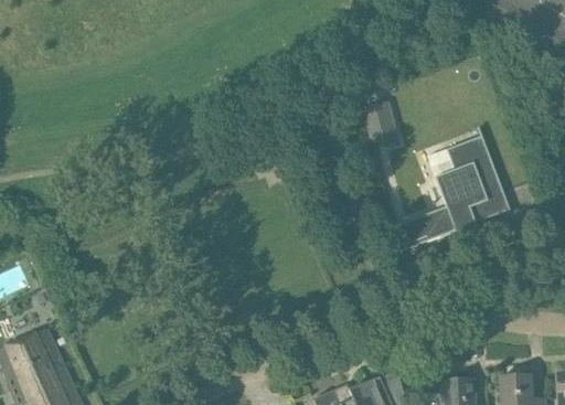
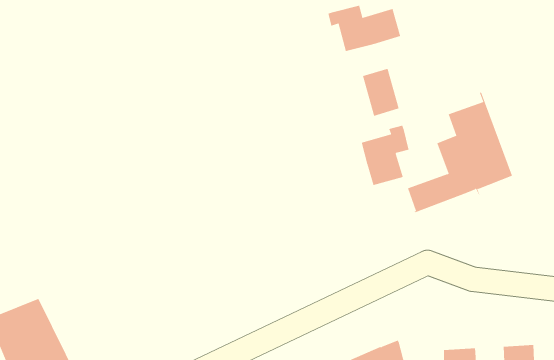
building: none -> [328,5,401,52]
building: none -> [361,125,409,186]

